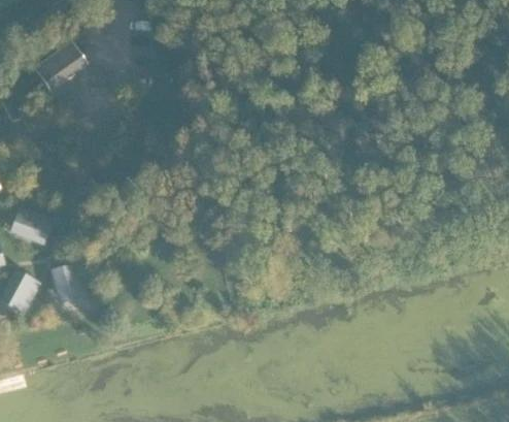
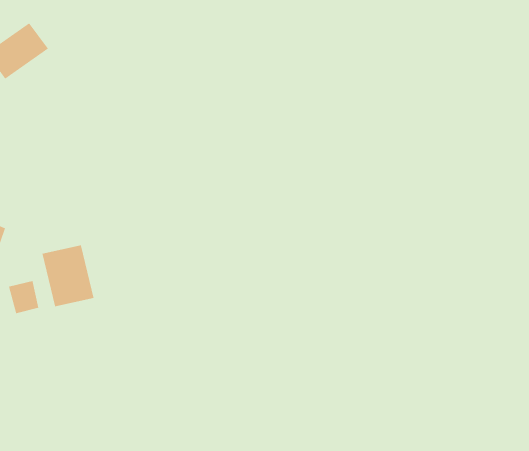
building: none -> [42,244,94,307]

